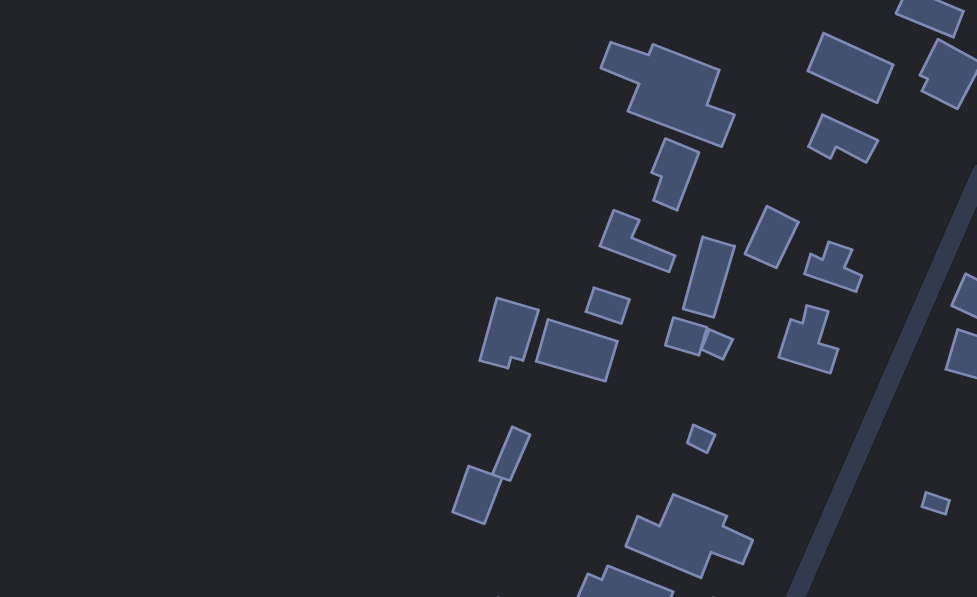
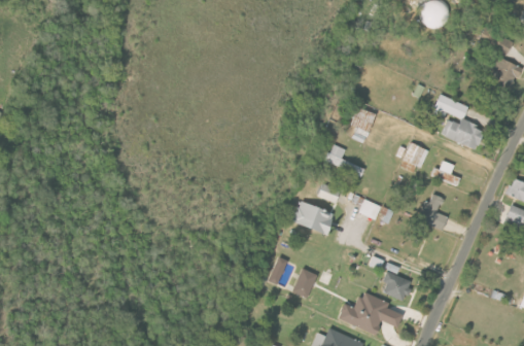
building: [808,33,893,103] -> [441,114,485,150]
building: [601,42,734,147] -> none
building: [683,237,735,317] -> none
building: [480,298,539,368] -> none
building: none -> [381,263,412,301]
building: [453,466,502,524] -> [292,268,318,298]

